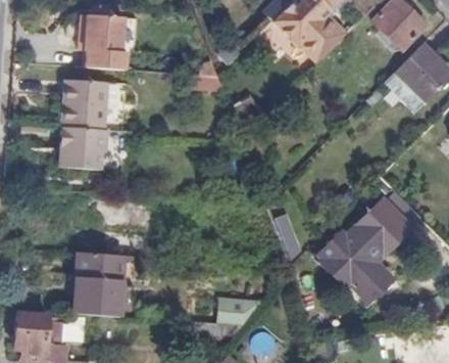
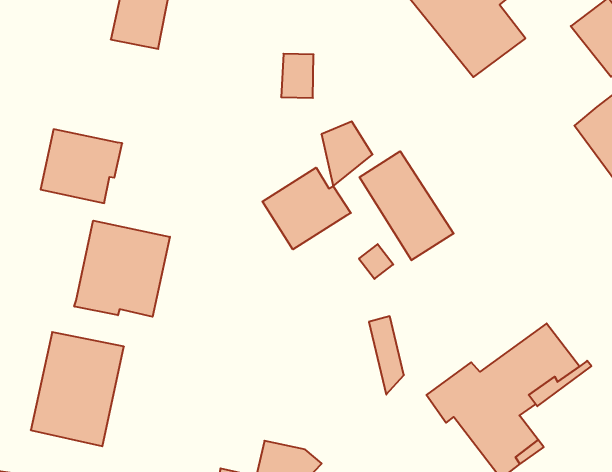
building: [64,79,107,130] -> none
building: none -> [360,151,454,260]
building: none -> [262,168,351,249]
building: none -> [74,221,170,317]

